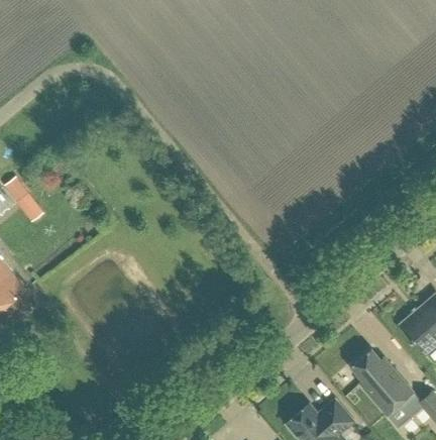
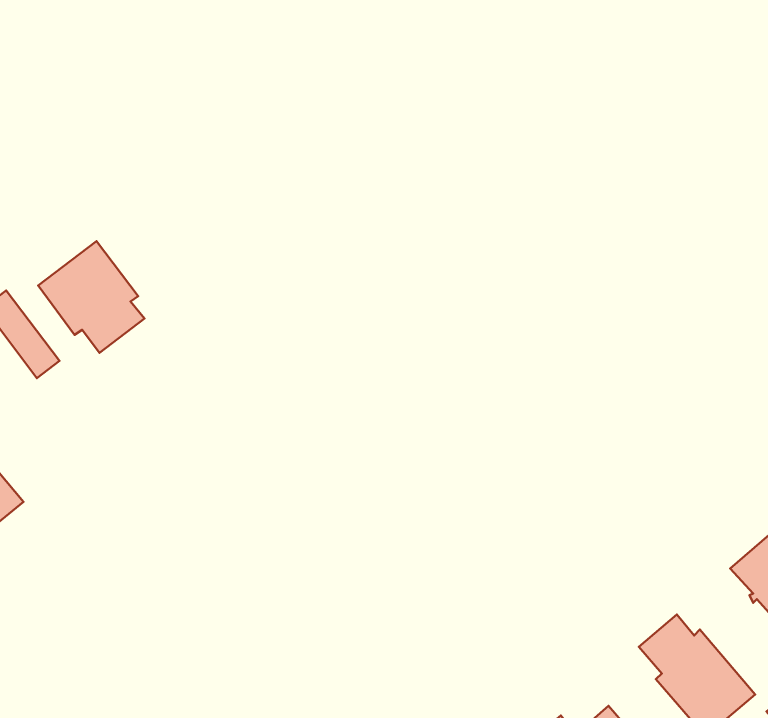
building: none -> [38,241,144,353]

